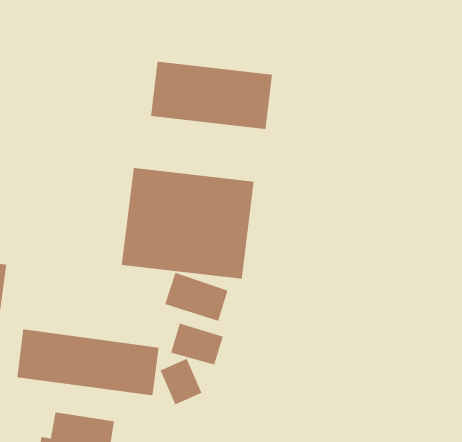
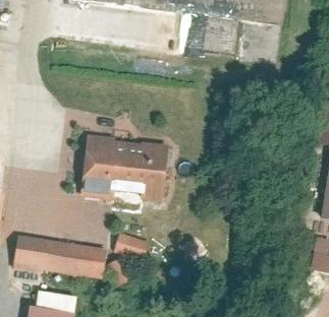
building: [150,61,273,130] -> none
building: [164,272,229,322] -> none

